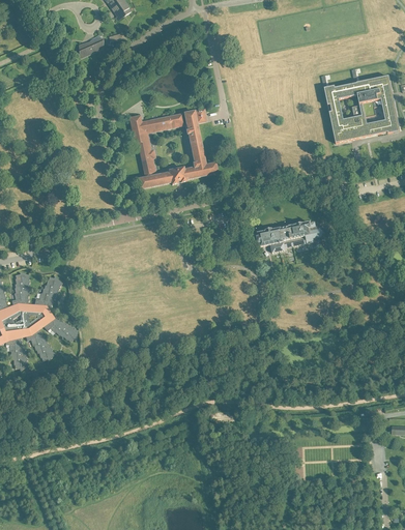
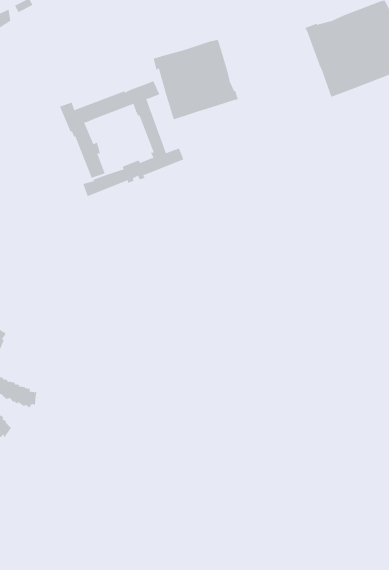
building: none -> [153,39,239,120]
building: [255,223,322,254] -> none

